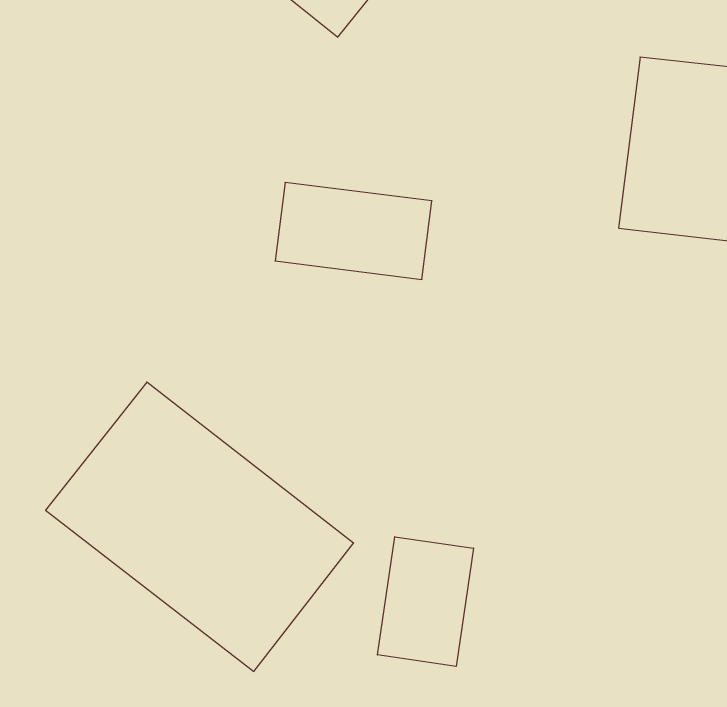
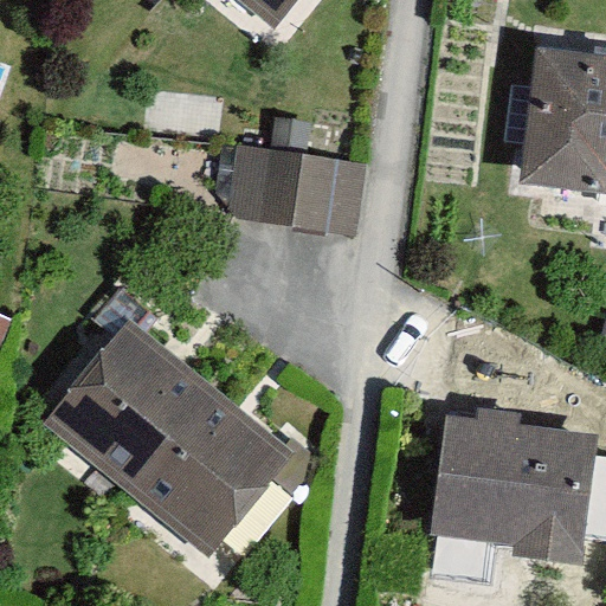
building: none -> [430,393,600,572]
building: [377,537,473,666] -> none

